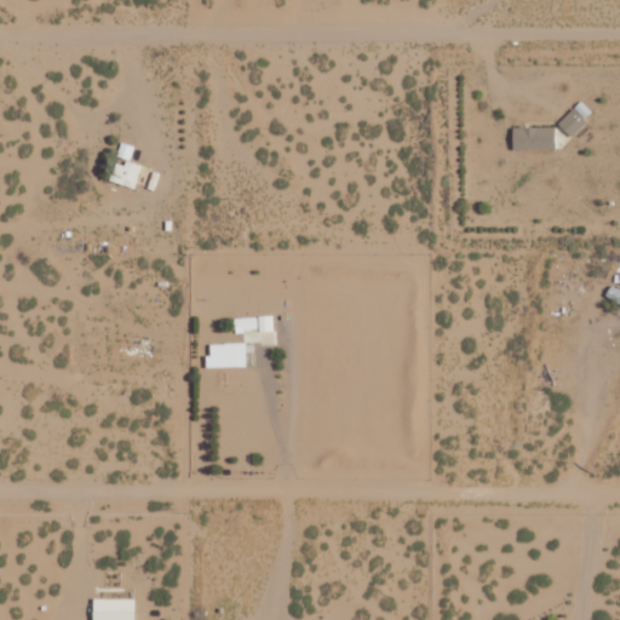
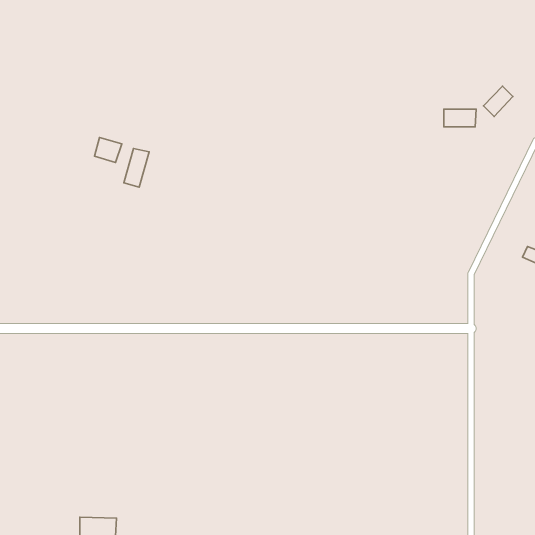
building: none -> [124,149,149,187]
building: [208,343,247,368] -> none

